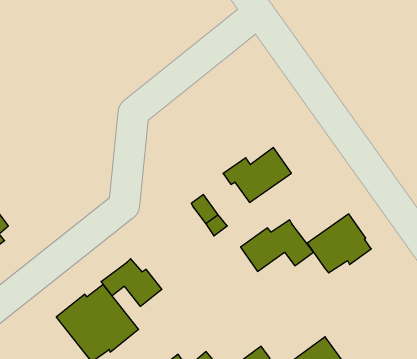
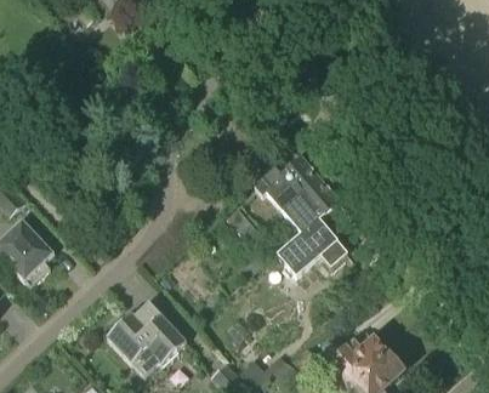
building: [307,214,371,273] -> [280,178,342,237]
building: [101,259,162,306] -> none

